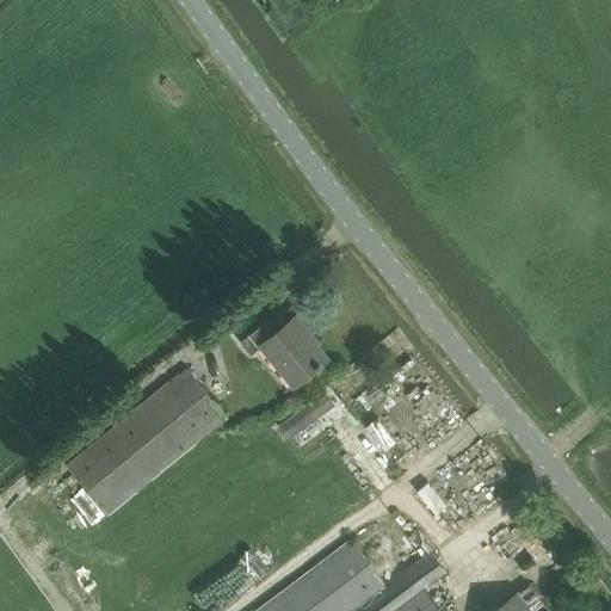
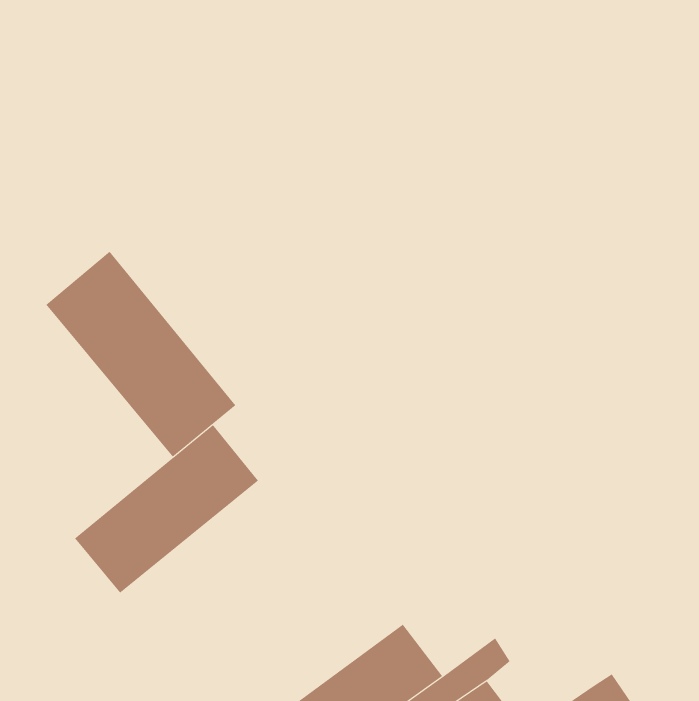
building: none -> [46,251,236,457]
building: [240,319,327,389] -> none

